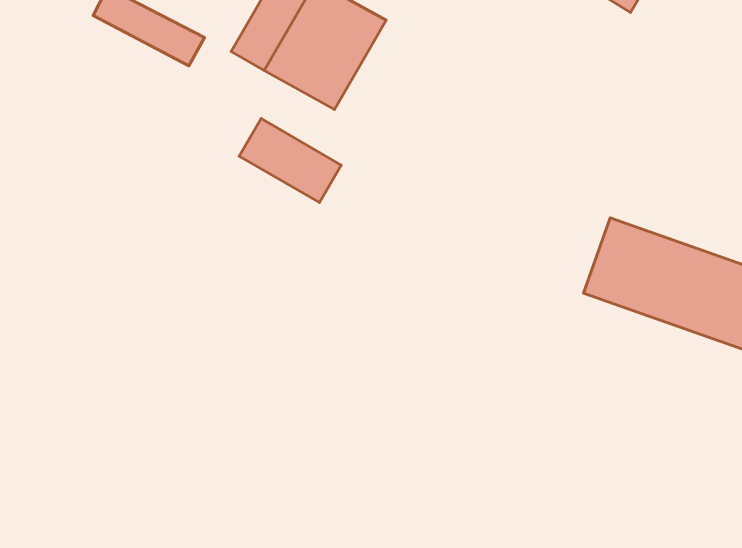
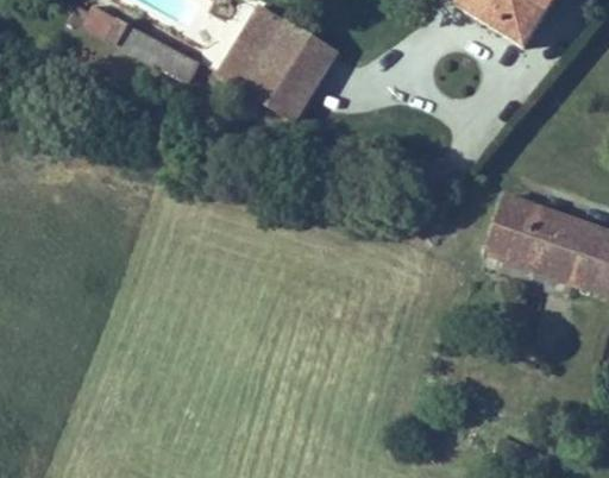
building: [239,119,341,202] -> none

